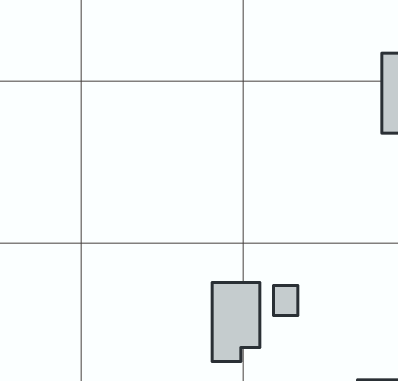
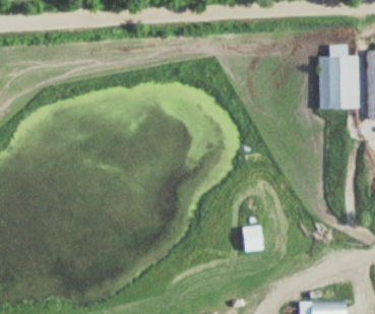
building: [212,282,260,362] -> none

